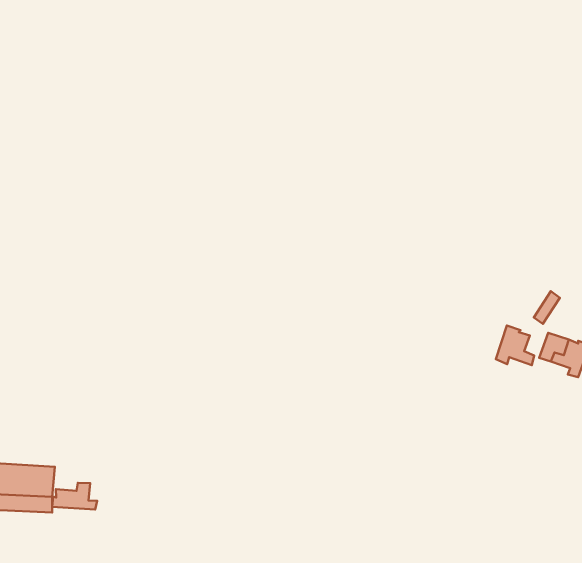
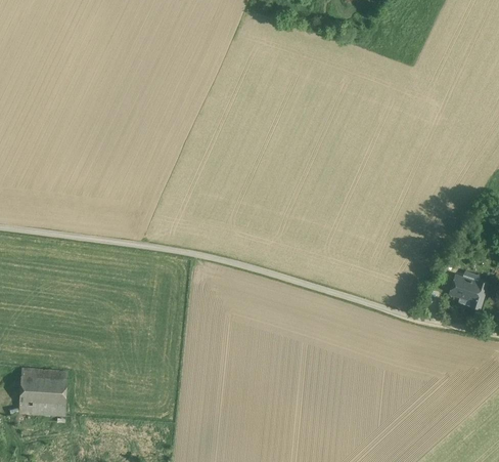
building: [496,325,534,365] -> none
building: [52,483,97,510] -> none

